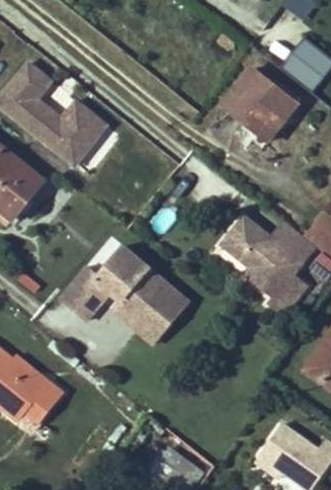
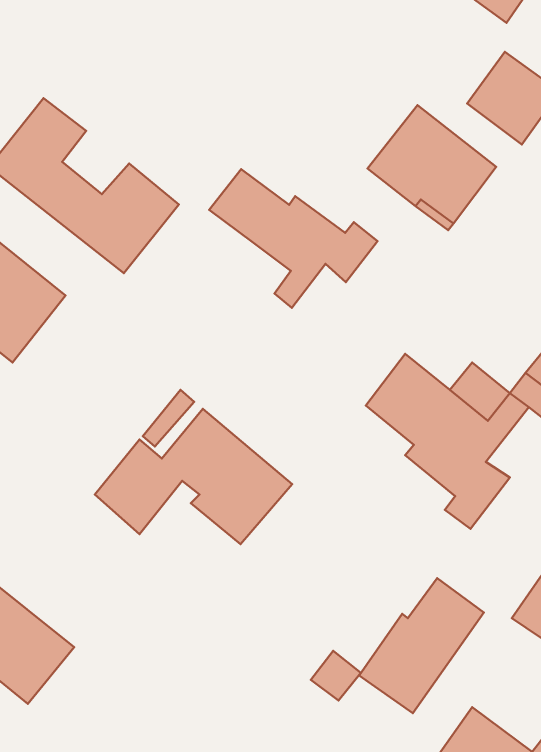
building: none -> [209,169,378,308]
building: [112,291,188,343] -> none
building: none -> [359,578,484,713]

